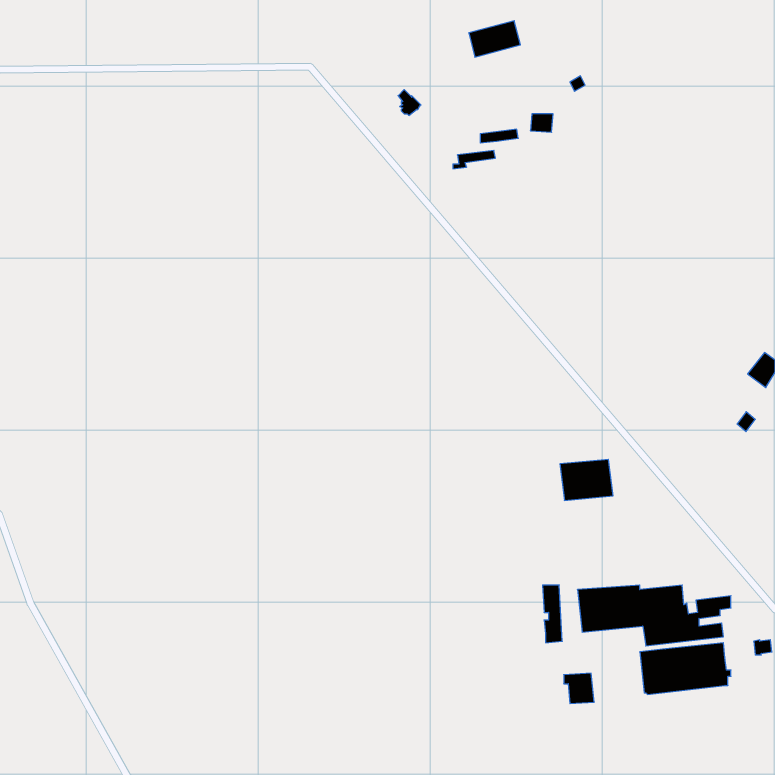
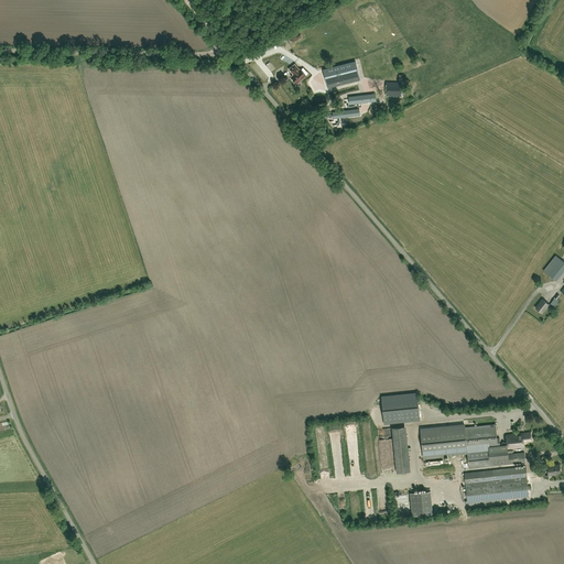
building: [469,21,520,57] -> [322,62,359,88]
building: [560,459,613,500] -> [380,394,419,424]

